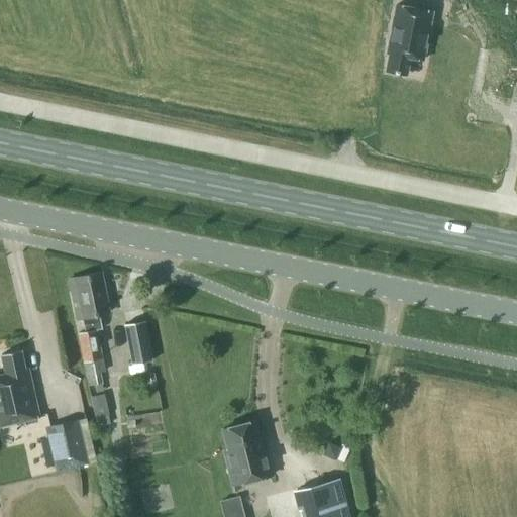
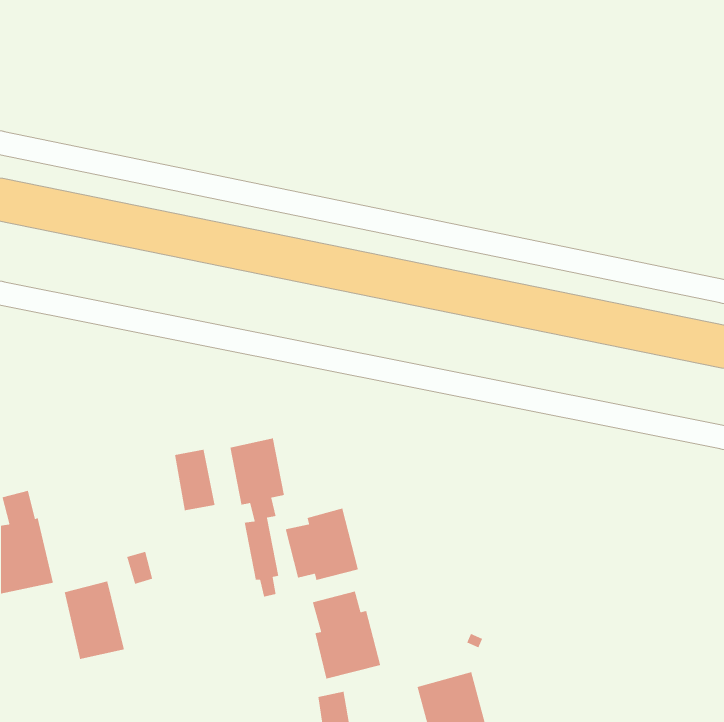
building: [387,5,432,75] -> none
building: [69,273,108,387] -> [230,437,285,597]
building: none -> [285,507,359,581]

